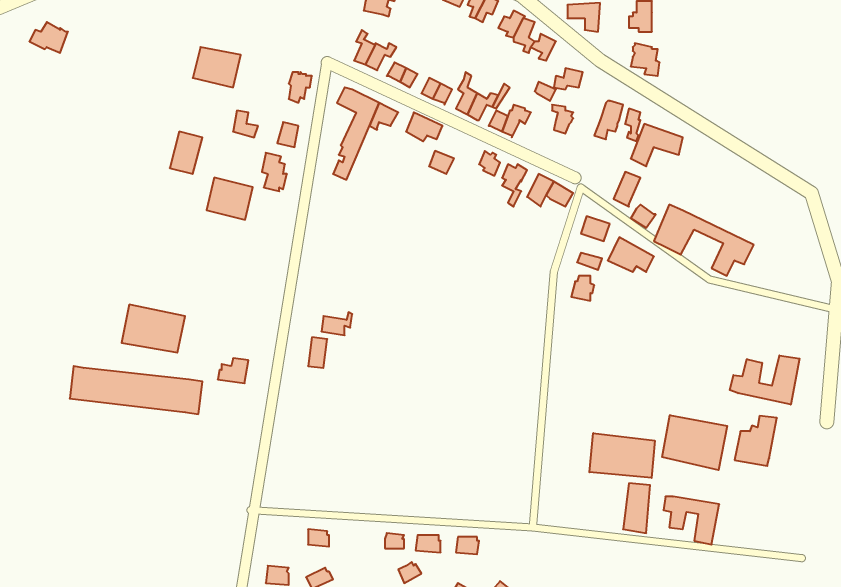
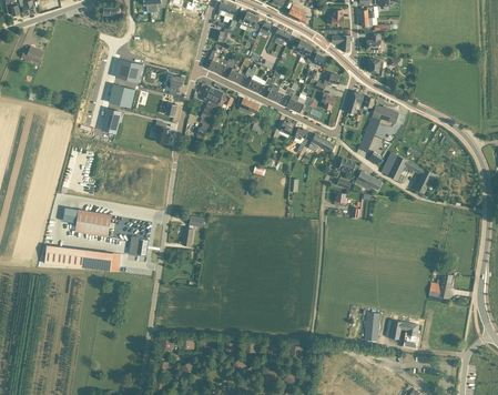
building: [207,178,253,220] -> [108,83,134,108]
building: [730,355,800,405] -> none
building: [662,415,727,470] -> none
building: [589,433,655,478] -> none

